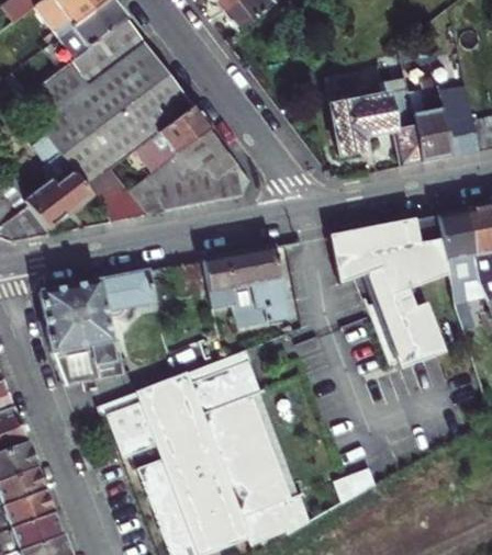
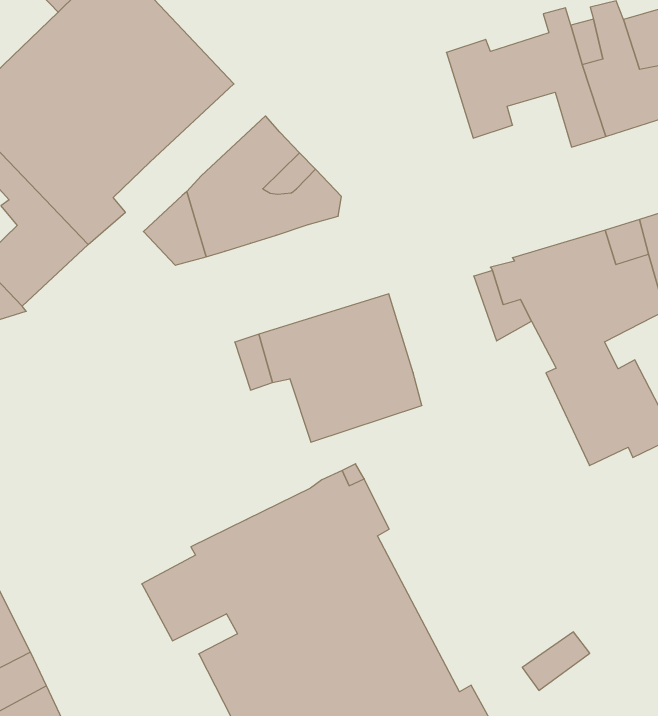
building: [137,105,212,171] -> none
building: [93,178,146,220] -> none
building: [41,271,153,385] -> none

